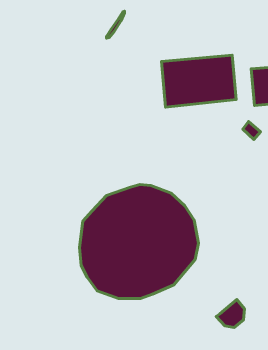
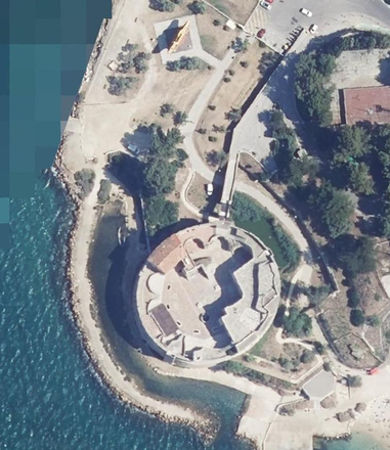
building: [162,55,236,107] -> none

